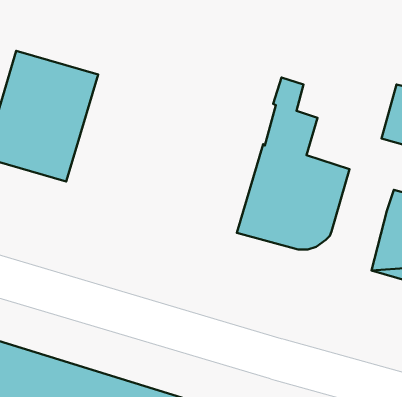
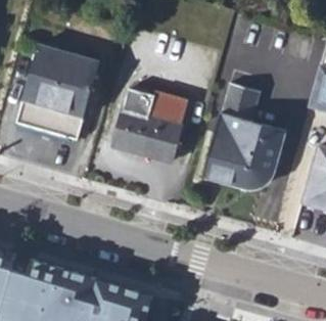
building: none -> [113,89,190,164]

